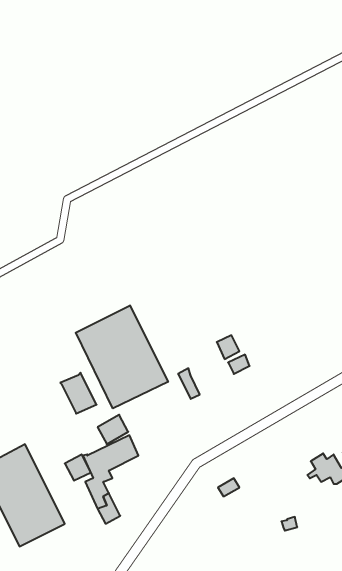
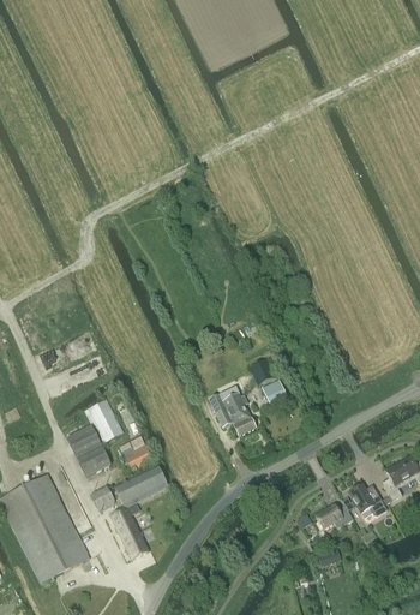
building: [76,305,168,408] -> none
building: none -> [222,393,256,434]
building: none -> [67,425,110,476]
building: none -> [316,503,353,527]

